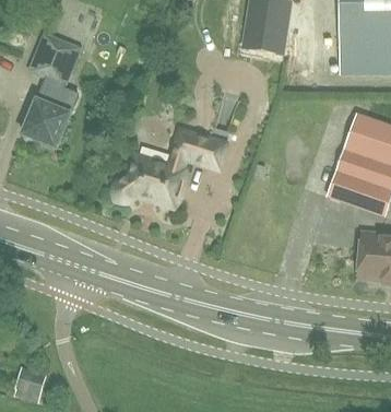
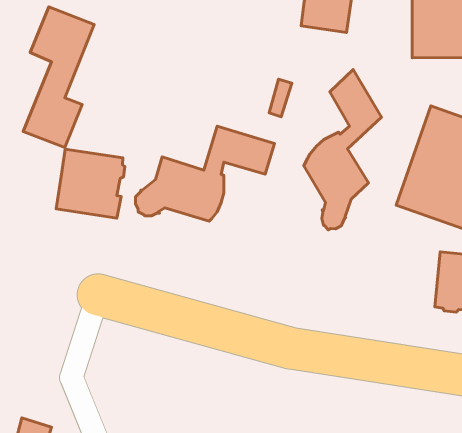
building: none -> [304,70,381,230]
building: none -> [56,149,125,218]

